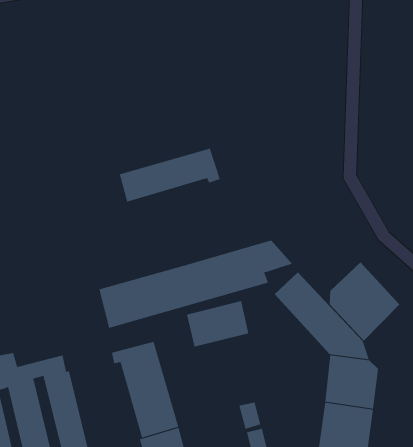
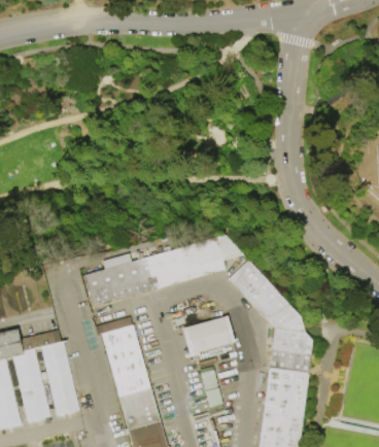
building: [119,148,220,202] -> none
building: [329,262,400,341] -> none
building: [186,300,249,347] -> [180,316,232,354]

